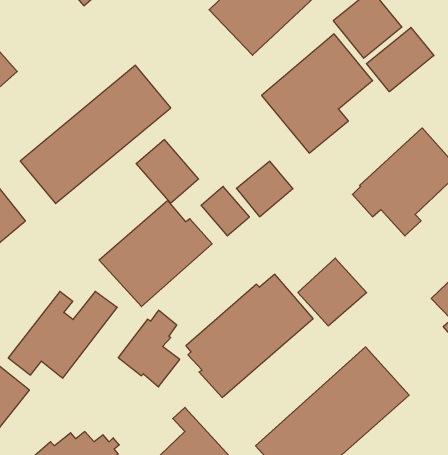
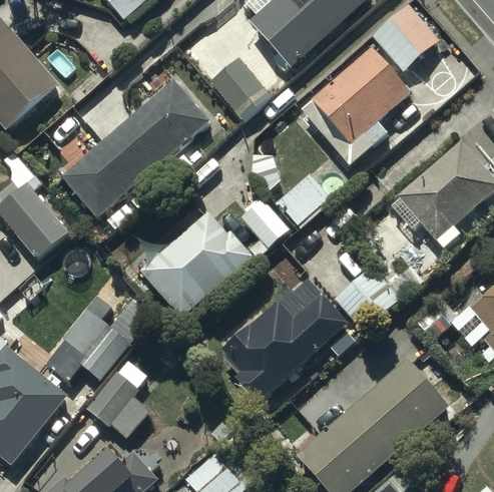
building: [366,27,434,92] -> none
building: [136,140,199,203] -> [209,56,272,119]
building: [118,310,180,387] -> [90,365,151,441]

